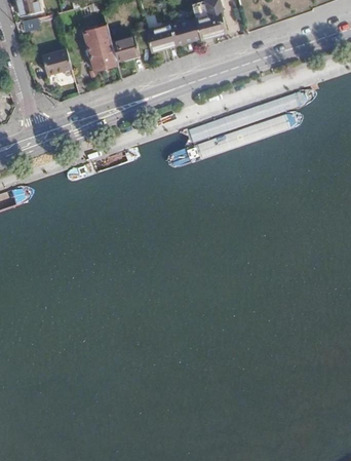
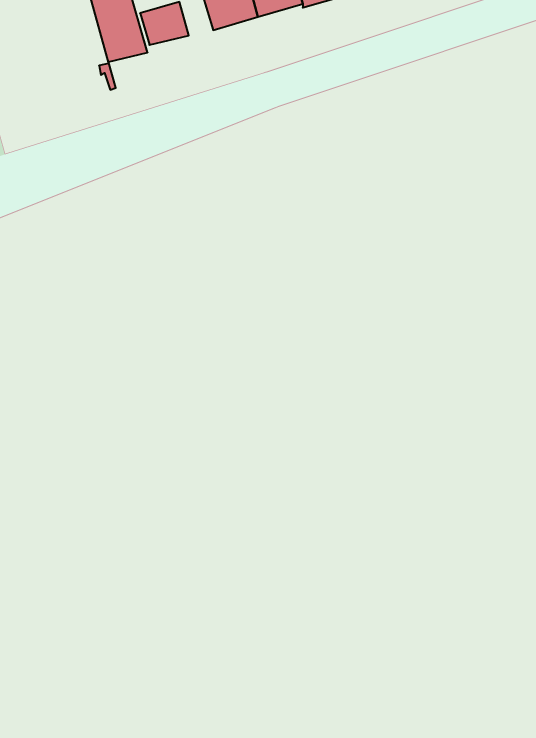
building: [42,45,72,73] -> none

